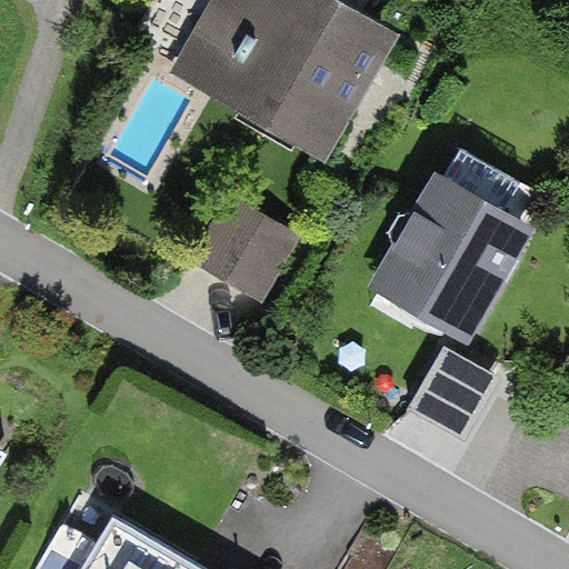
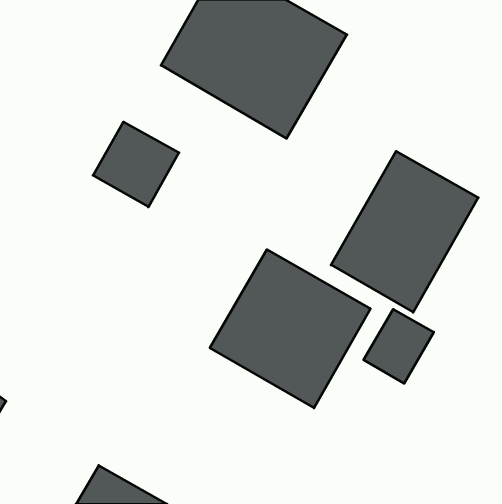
building: [196,200,292,296] -> [93,122,179,207]
building: none -> [210,250,370,408]

